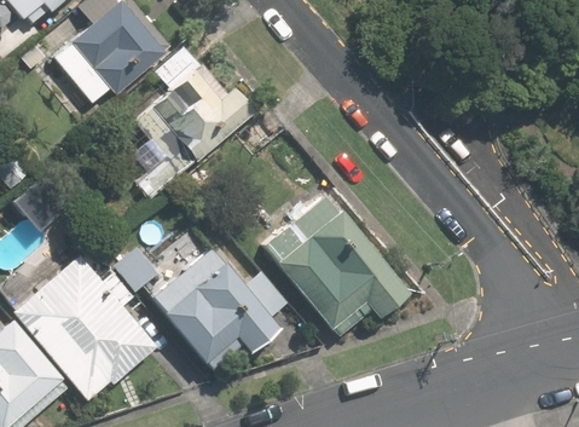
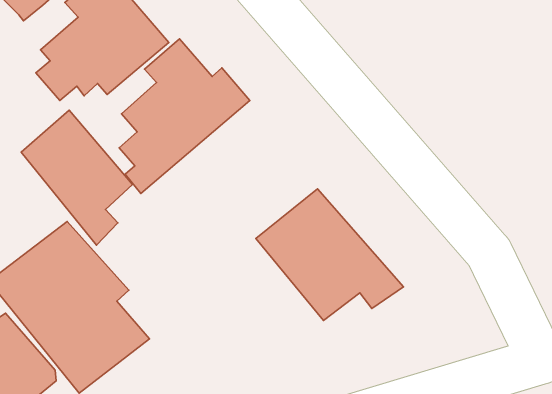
building: none -> [21,110,133,245]
building: [151,247,289,363] -> none

